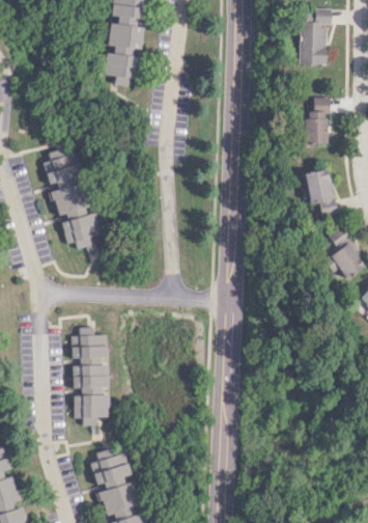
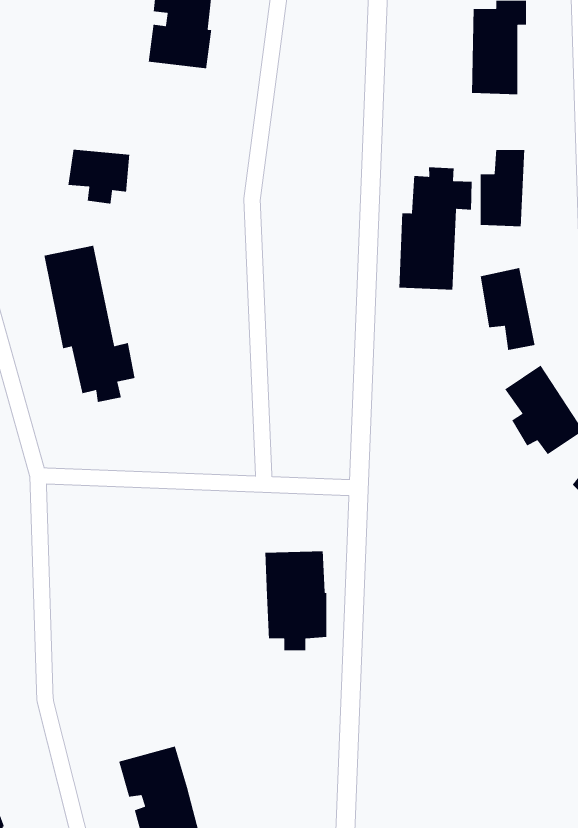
building: [103,53,140,86] -> [68,149,130,205]
building: none -> [399,166,473,291]
building: [72,327,107,358] -> none
building: [72,365,109,425] -> [265,550,327,651]

